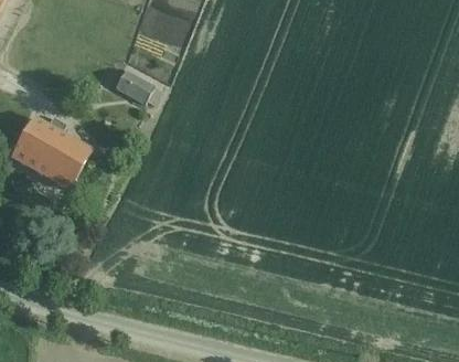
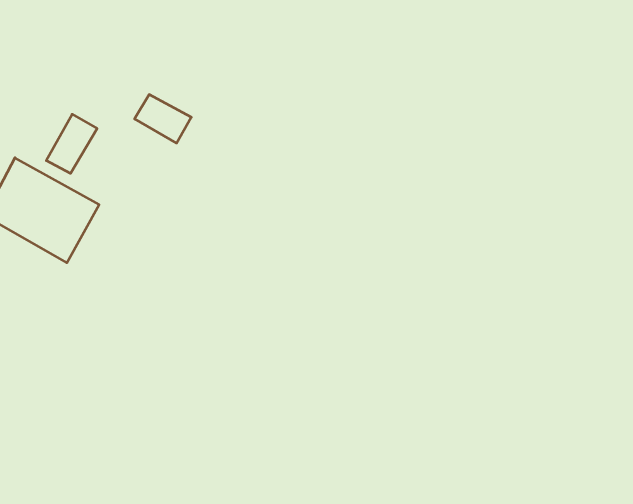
building: none -> [46,114,97,173]

